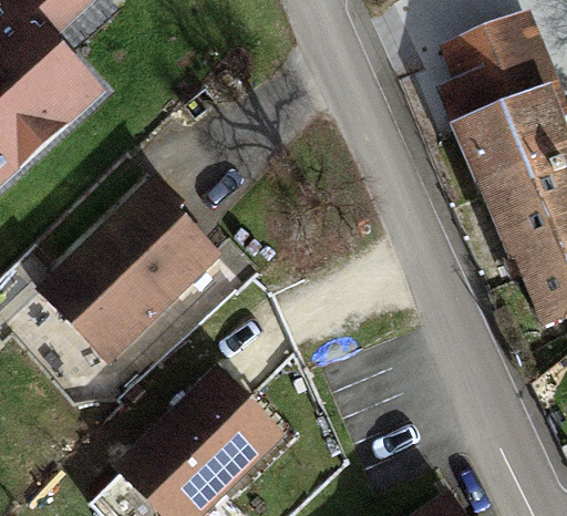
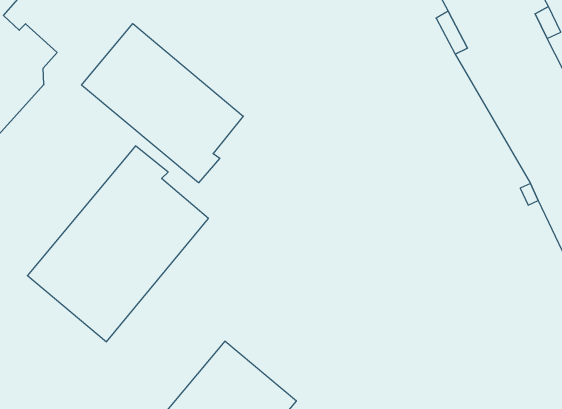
building: none -> [82,24,243,183]

